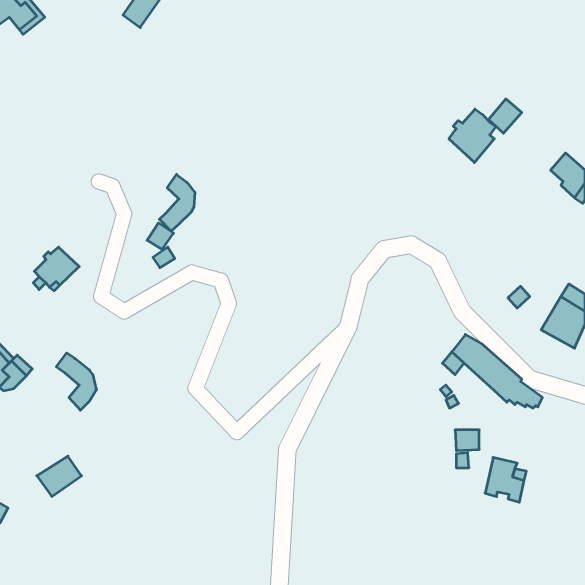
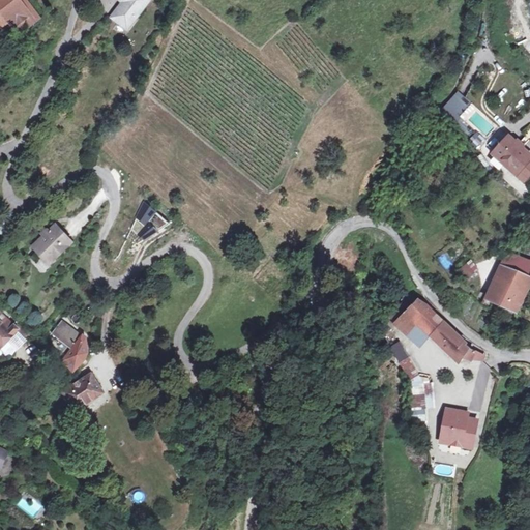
building: [449,109,496,163] -> none
building: [159,174,195,231] -> none
building: [37,456,82,496] -> [61,374,101,410]

